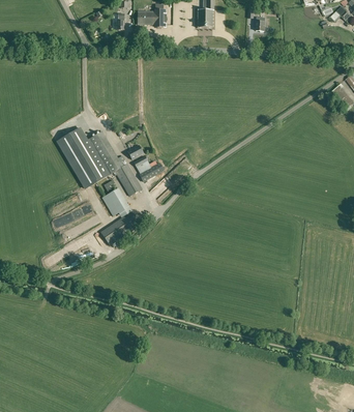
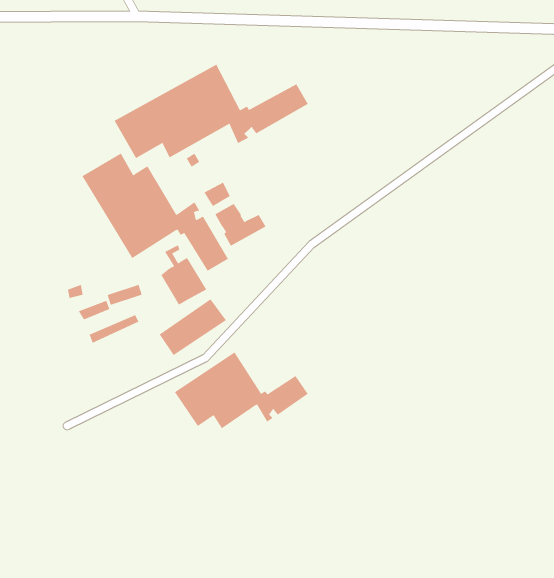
building: none -> [114,64,309,159]
building: none -> [174,352,308,429]

